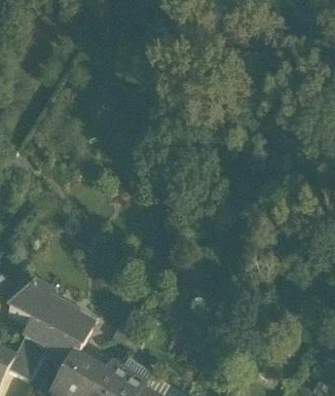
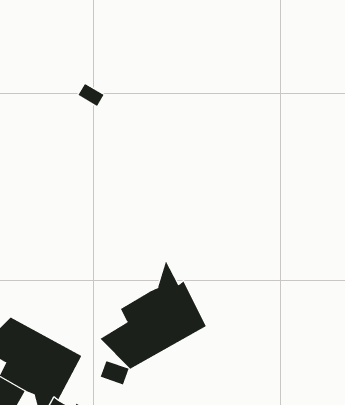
building: none -> [99,260,207,370]

